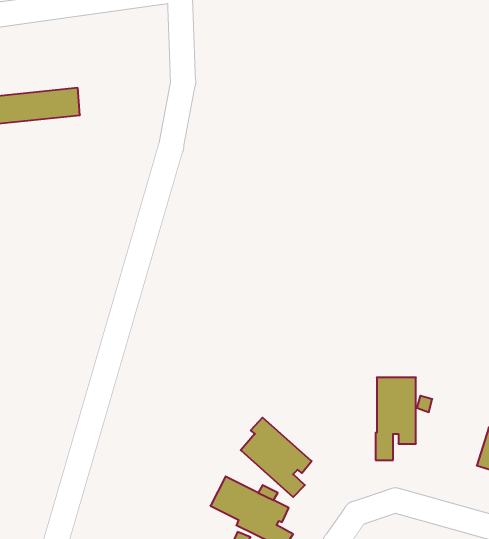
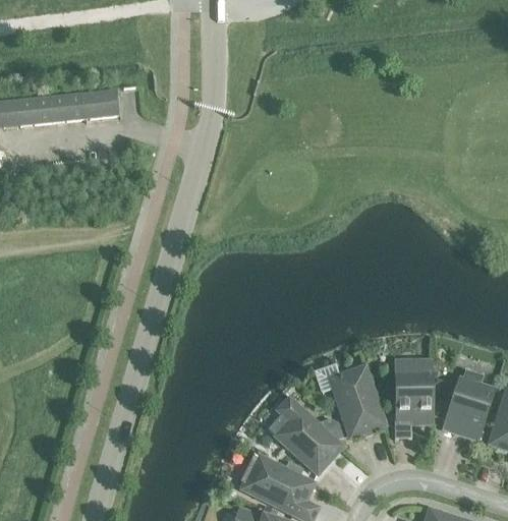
building: none -> [336,365,385,437]
building: none -> [446,369,495,440]

